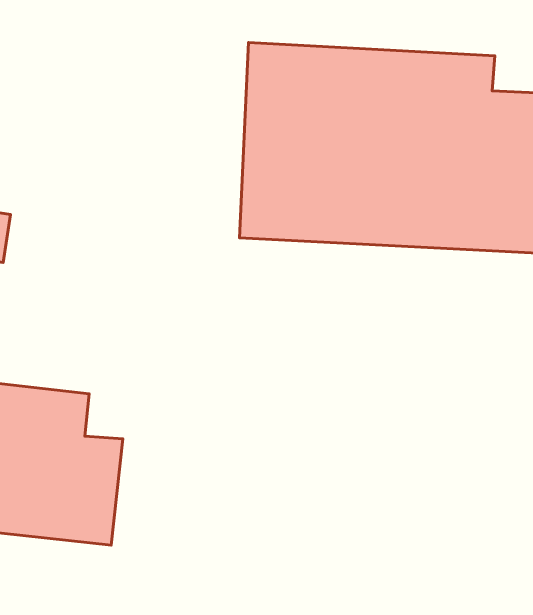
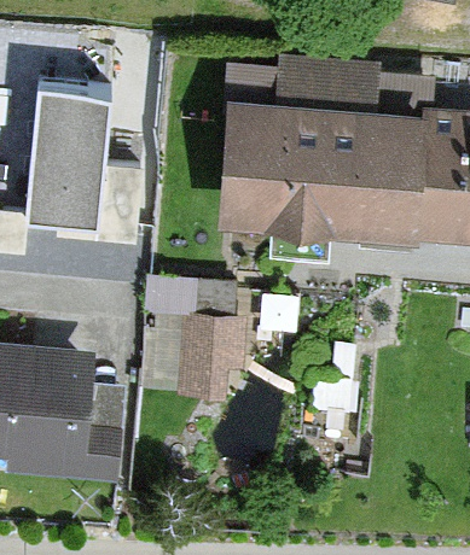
building: none -> [31,76,135,232]
building: none -> [179,319,248,410]

